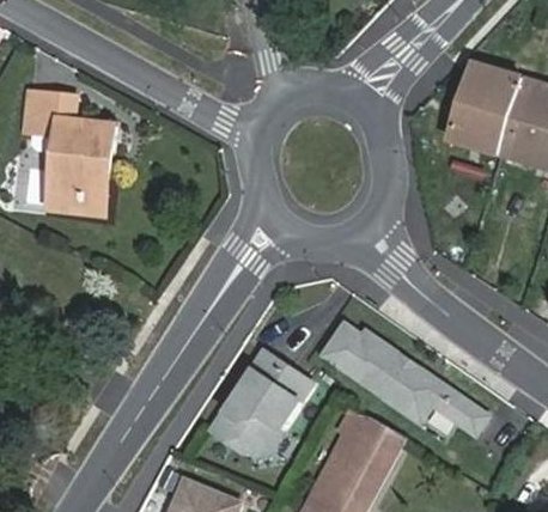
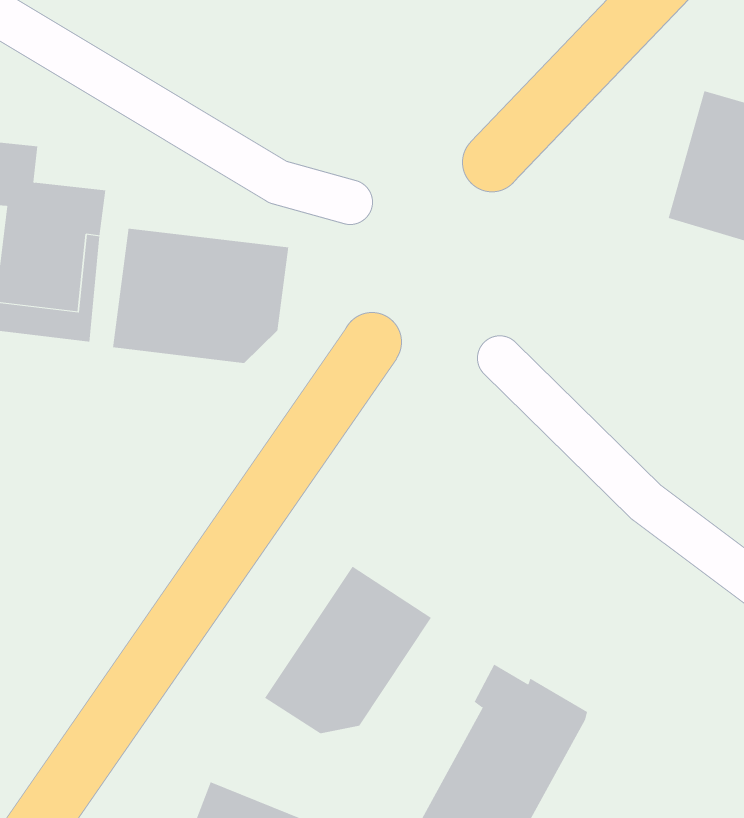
building: none -> [112,228,289,364]
building: [323,323,485,432] -> none

